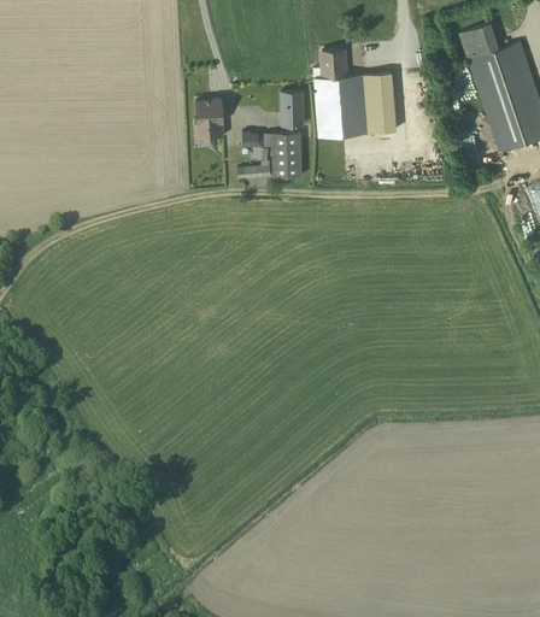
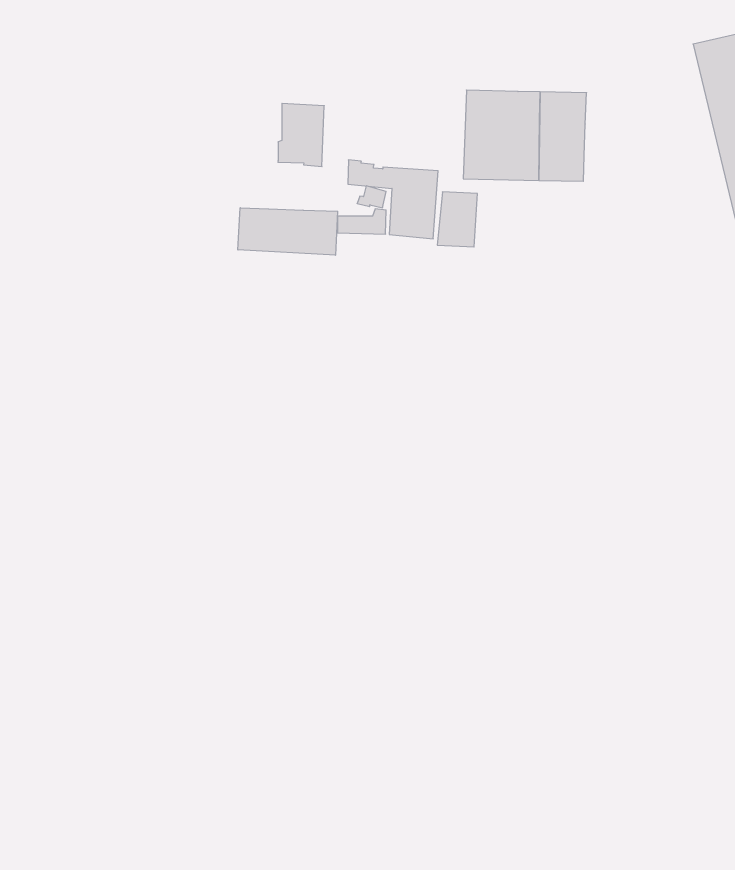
building: [313,48,347,78] -> none
building: [280,90,304,127] -> [437,192,477,247]
building: none -> [238,208,338,255]

